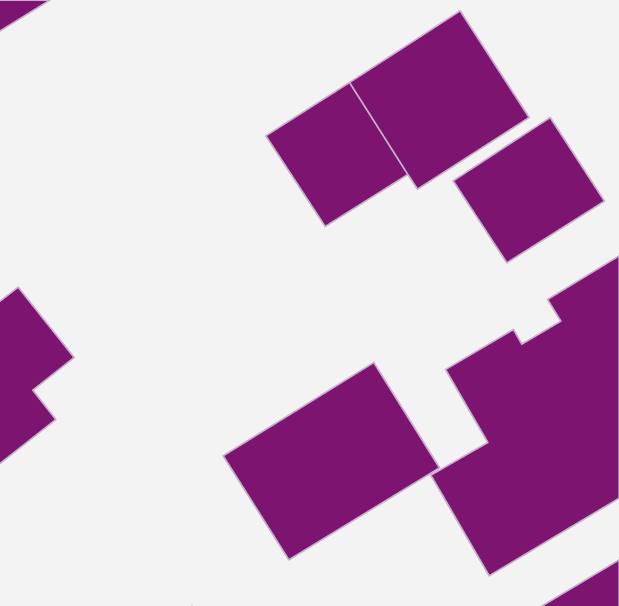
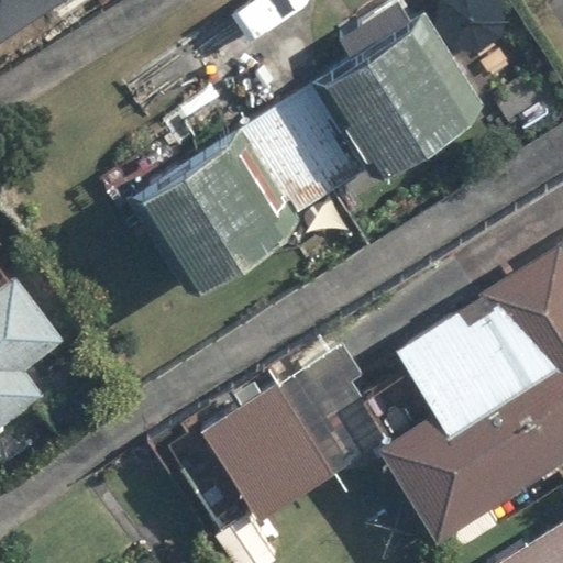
building: [453,118,604,263] -> none
building: none -> [135,135,300,296]

